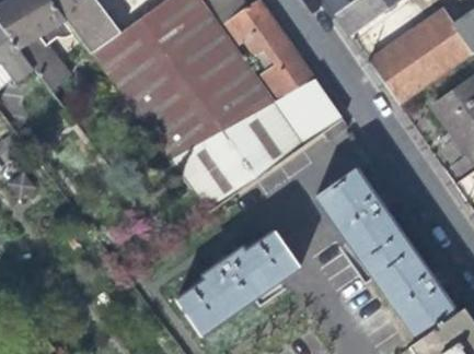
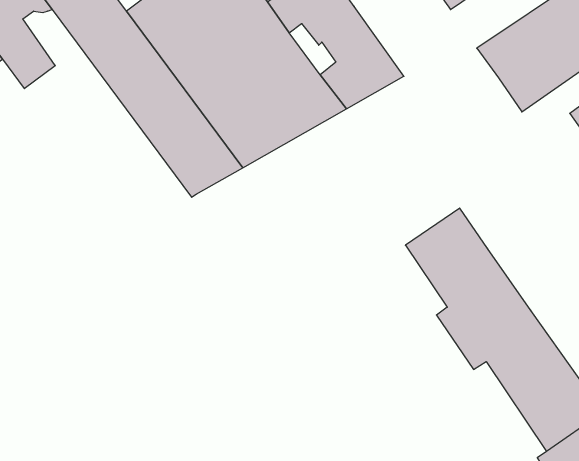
building: [170,78,345,213] -> none
building: [174,233,298,334] -> none

